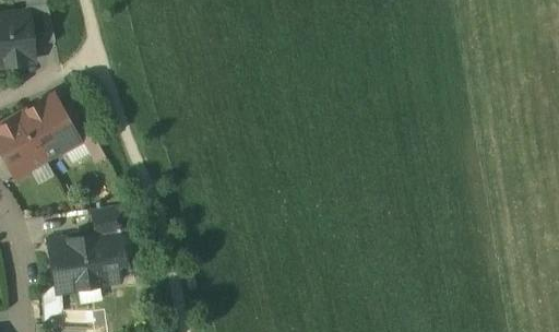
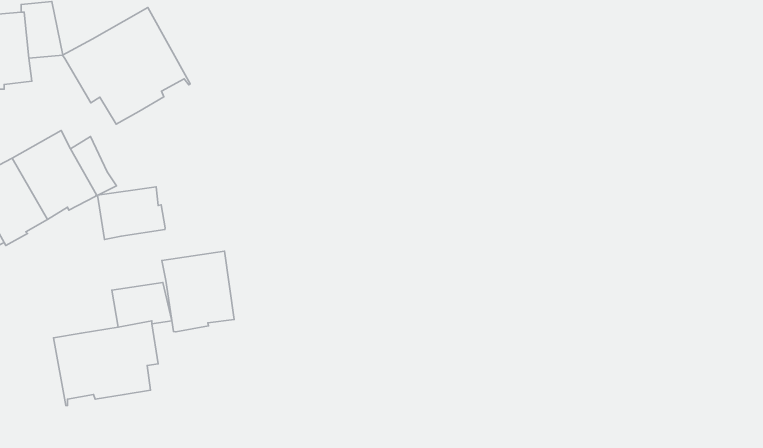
building: none -> [63,7,190,124]
building: none -> [98,187,165,239]
building: none -> [162,251,234,332]

